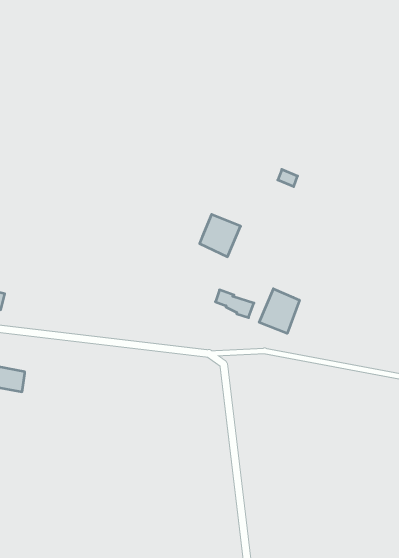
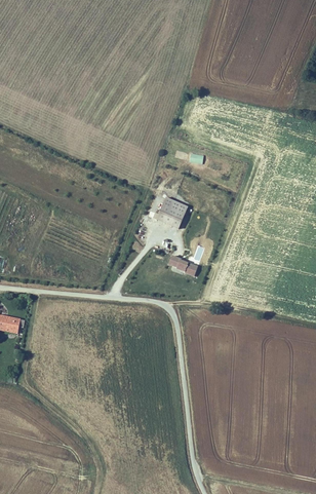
building: [259,289,299,333] -> none

